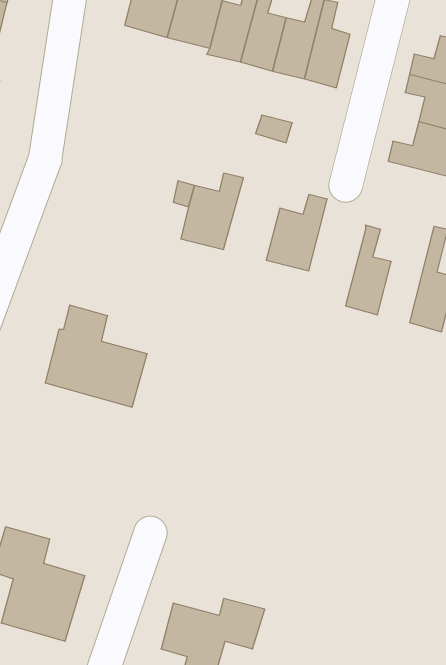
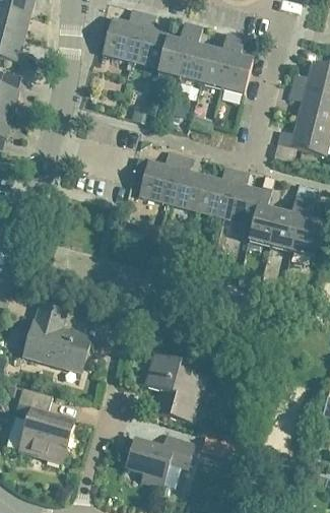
building: none -> [168,154,205,209]
building: none -> [224,169,262,225]
building: none -> [270,185,308,251]
building: [45,305,147,407] -> [23,304,91,372]
building: none -> [144,352,206,424]

